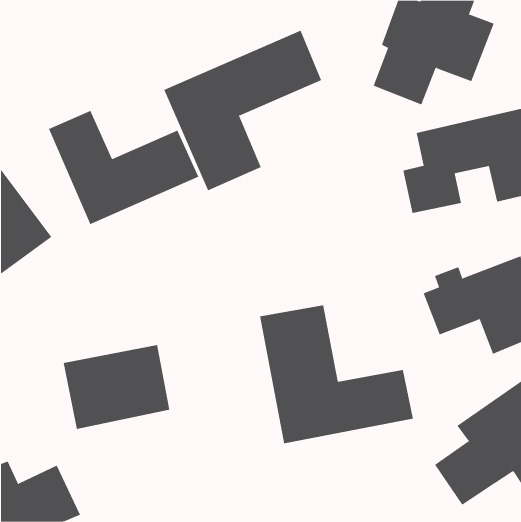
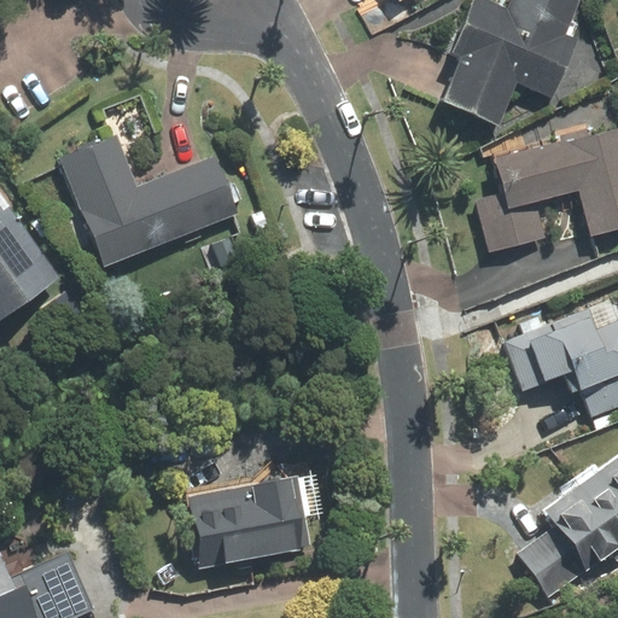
building: [164,30,322,191] -> none
building: [259,304,413,444] -> none
building: [63,345,170,429] -> [183,474,310,575]

